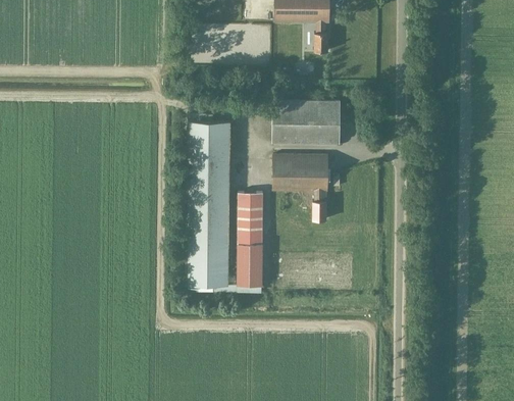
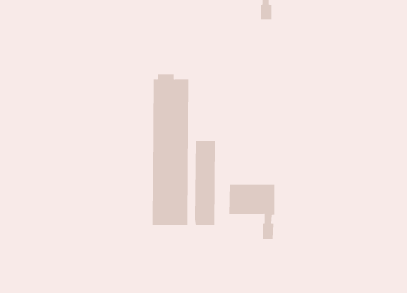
building: [273,99,339,141] -> none
building: [272,154,327,219] -> [228,184,275,240]

